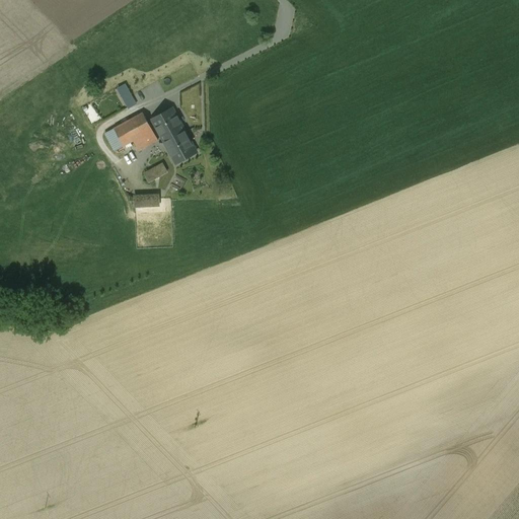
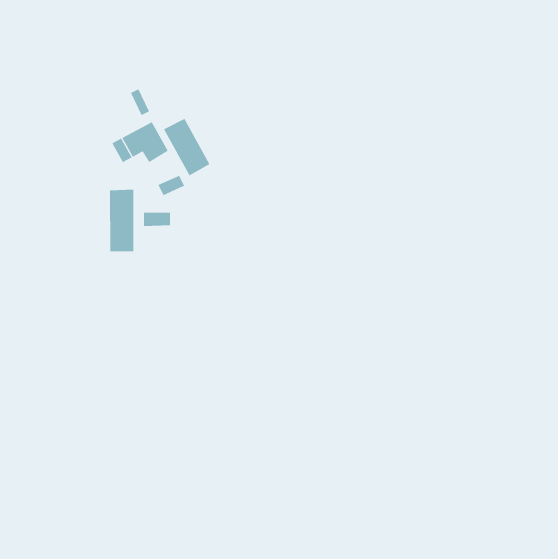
building: none -> [110,189,134,252]

